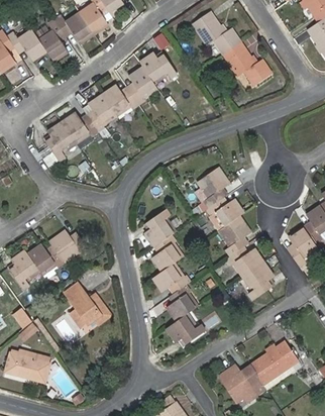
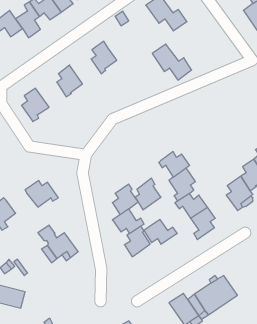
building: [224,42,270,85] -> [152,44,192,80]
building: [139,53,177,84] -> none
building: [102,85,139,116] -> none
building: [62,112,98,143] -> none
building: [198,167,228,207] -> none
building: [145,209,176,246] -> [135,178,161,210]
building: [27,243,65,273] -> none
building: [166,314,205,343] -> [144,220,177,244]

